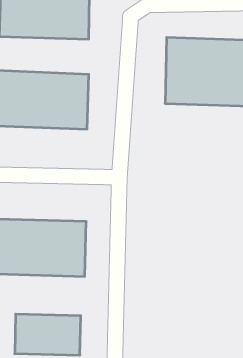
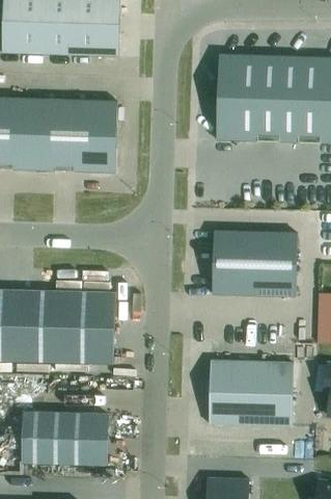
building: none -> [212,231,297,296]
building: none -> [208,361,293,426]

